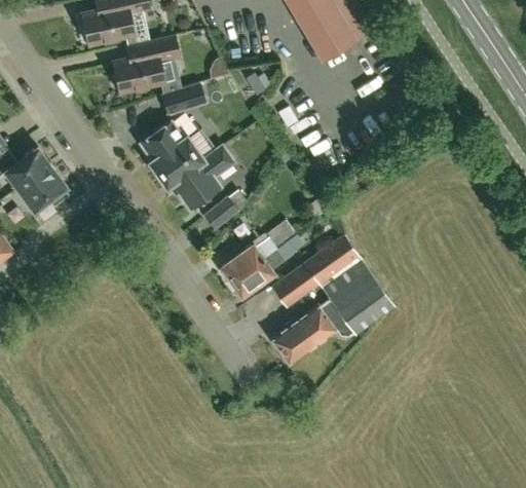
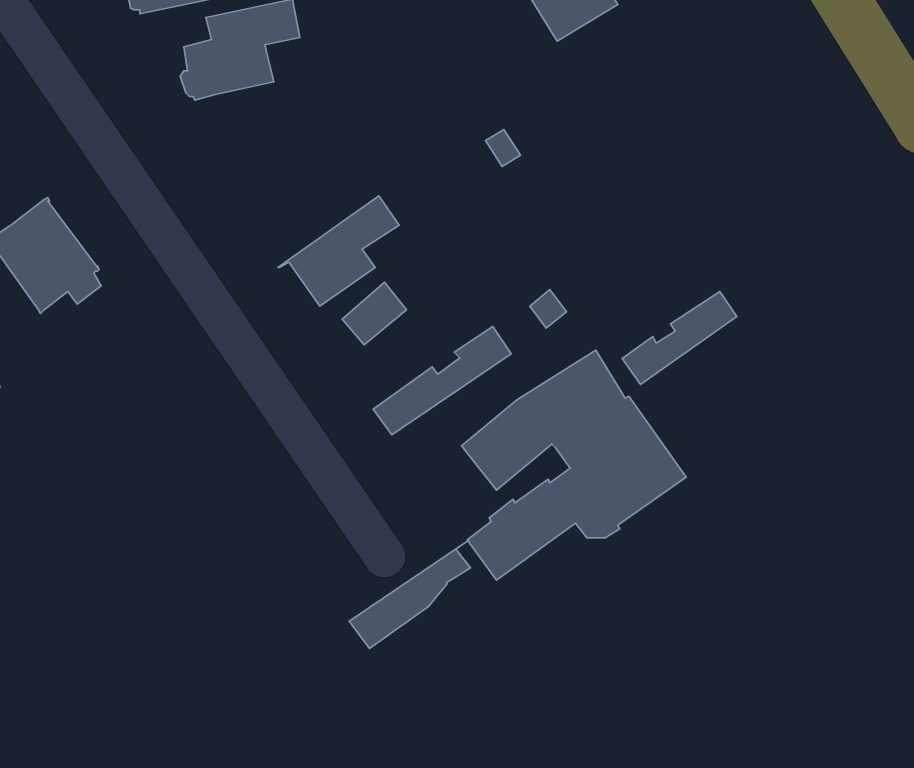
building: [161,83,208,117] -> none
building: [141,122,223,187] -> none
building: none -> [622,291,737,384]
building: [230,235,298,296] -> [349,540,471,649]

